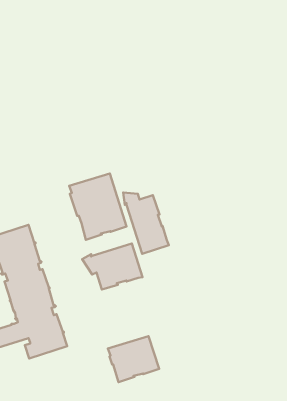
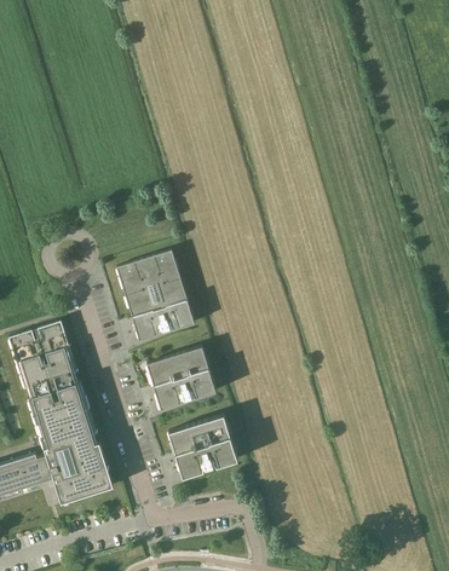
building: [123,192,169,254] -> none
building: [108,336,159,382] -> [167,415,237,478]

